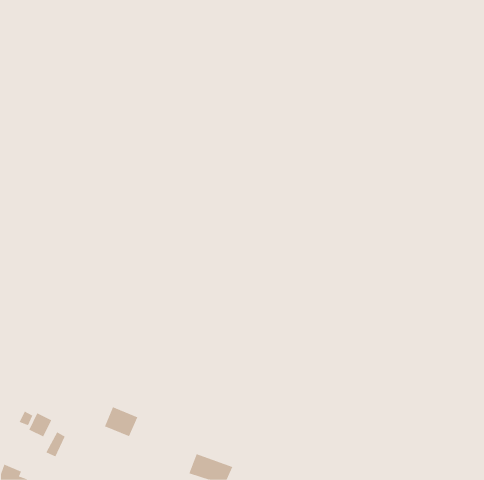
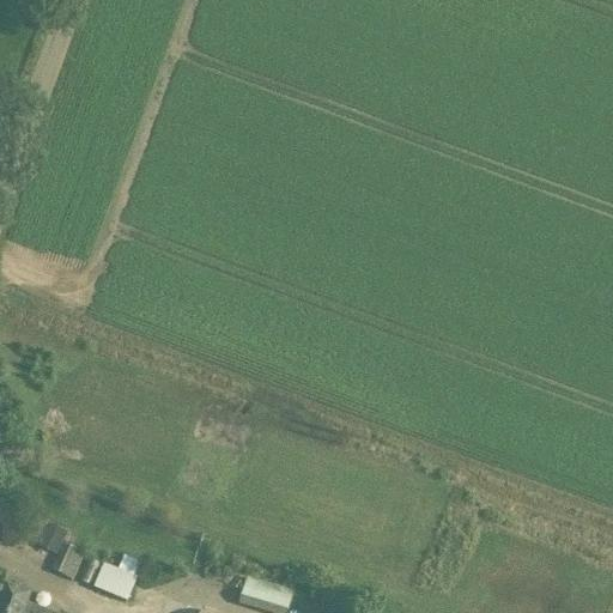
building: [104,407,138,437] -> [93,562,136,600]

